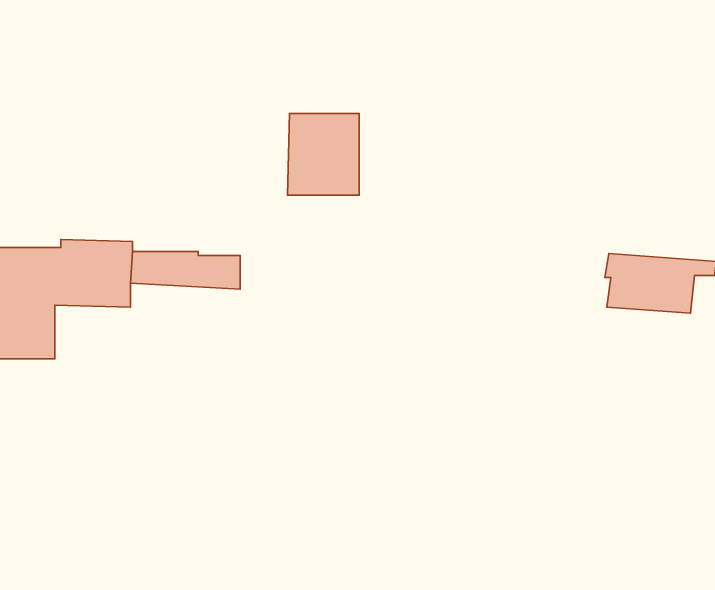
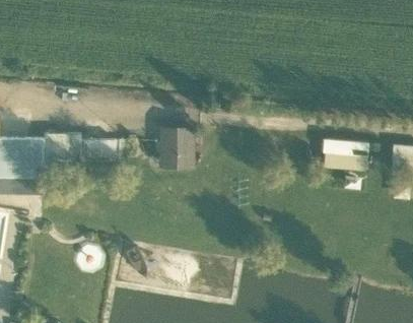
building: [288,113,359,195] -> [157,127,194,169]

